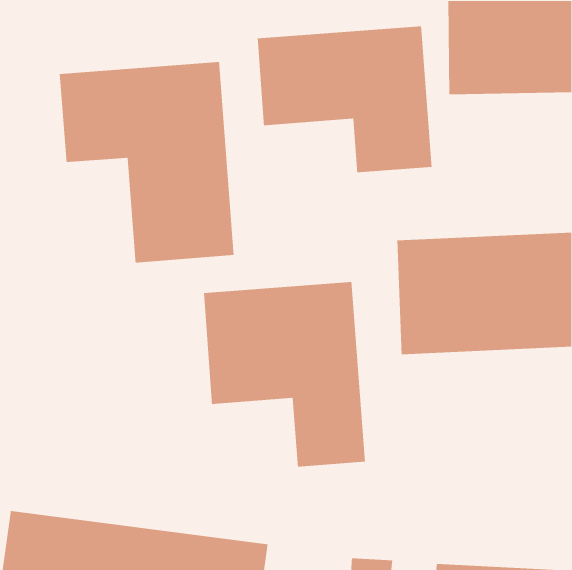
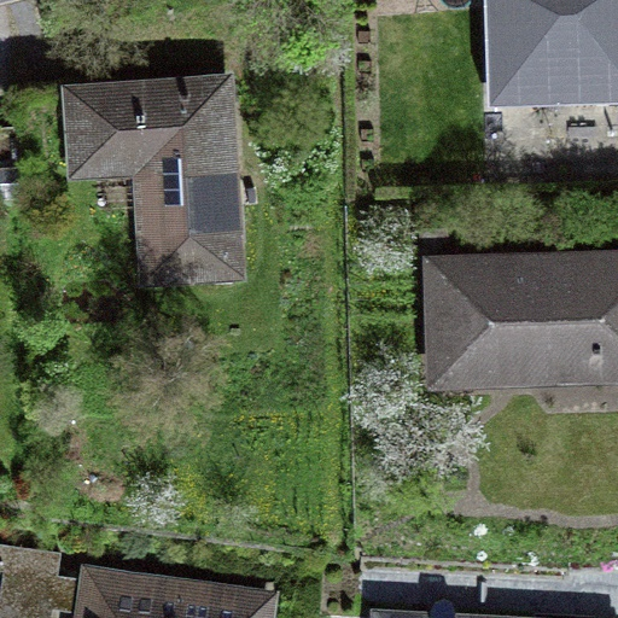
building: [257,25,432,173] -> none
building: [203,281,366,467] -> none

